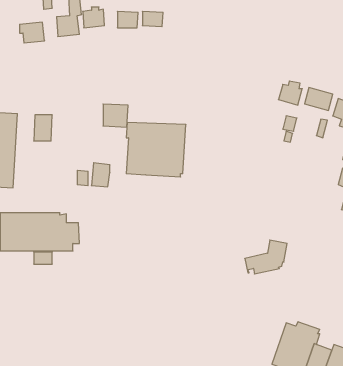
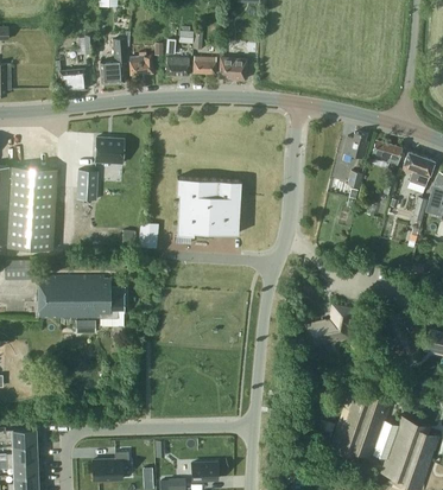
building: none -> [219,57,246,79]
building: [103,104,128,127] -> [95,136,122,161]

